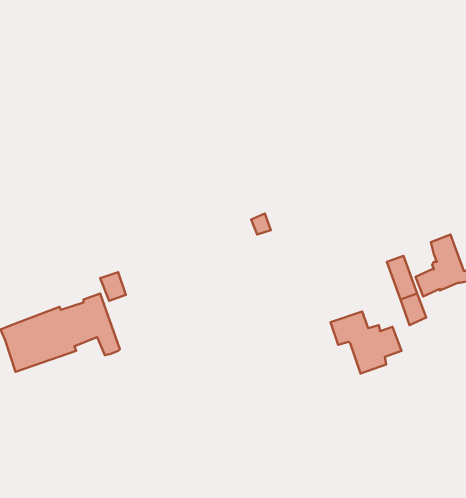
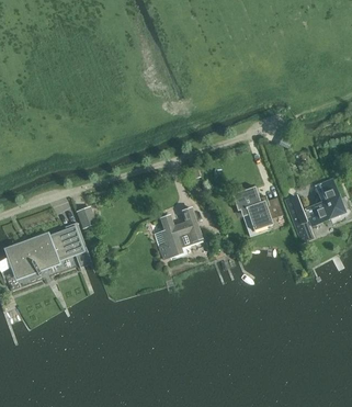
building: none -> [154,207,202,258]
building: [330,312,401,373] -> [230,185,282,230]

